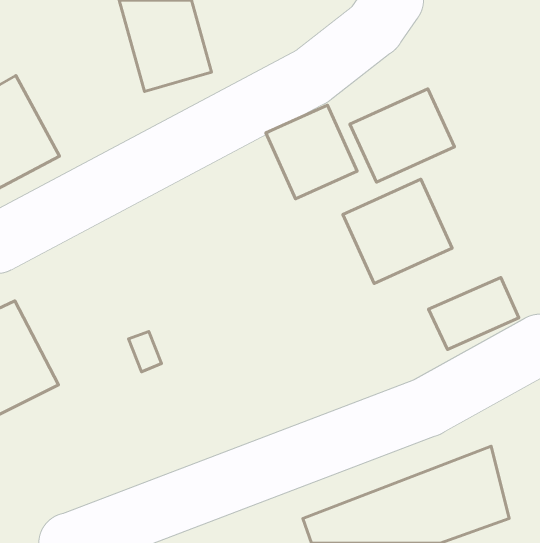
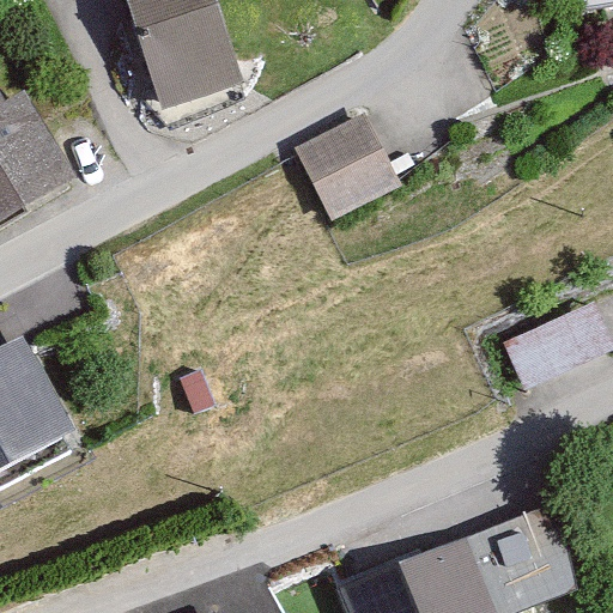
building: [350,89,454,182] -> none
building: [343,179,452,283] -> none

